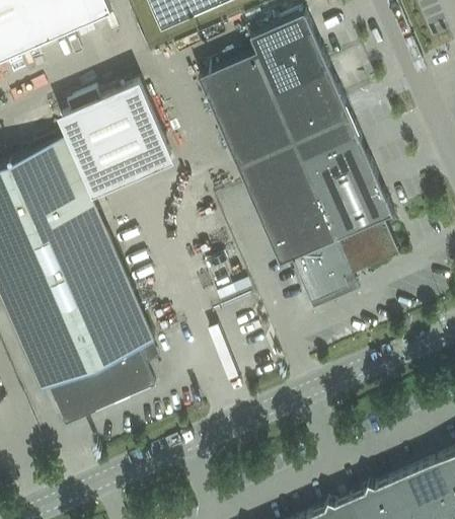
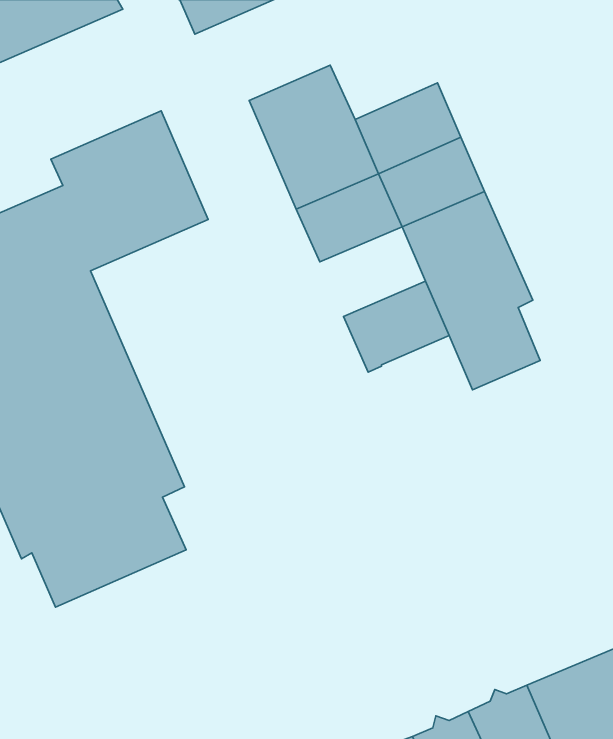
building: [250,12,328,89] -> none
building: [247,163,320,225] -> none
building: [290,238,353,306] -> none

